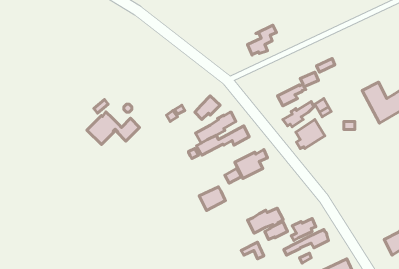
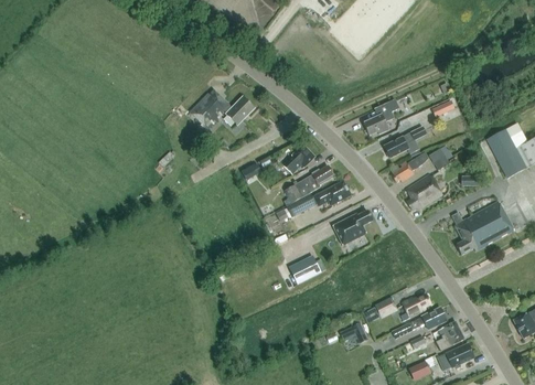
building: [247,25,277,55] -> [364,98,399,135]
building: [87,112,140,145] -> [190,88,254,128]
building: none -> [451,201,514,254]
building: [248,208,283,233] -> none
building: none -> [436,320,464,350]

